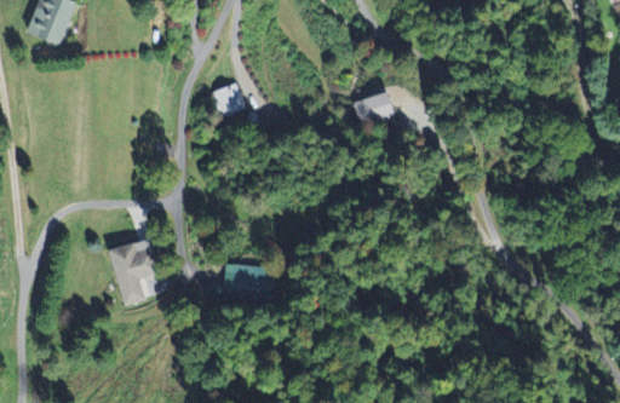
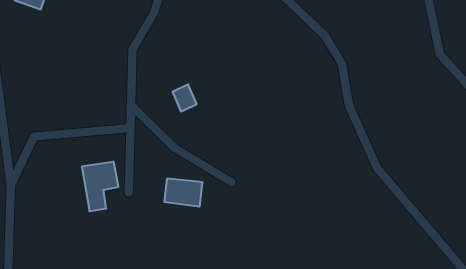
building: [211,82,242,117] -> [172,84,197,111]
building: [350,92,390,121] -> none

